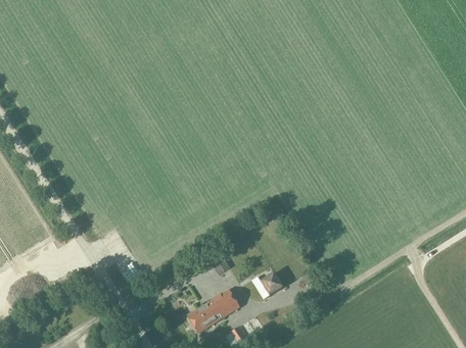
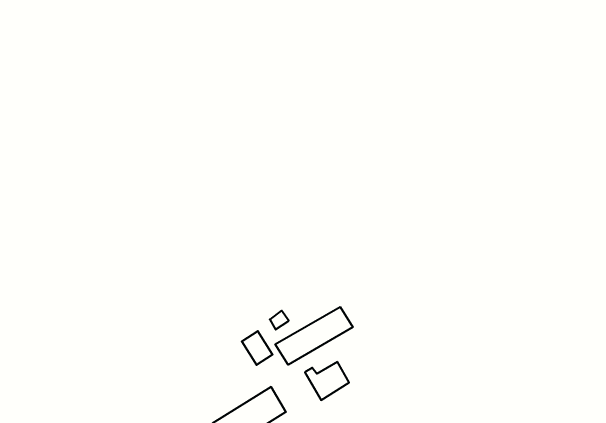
building: none -> [275,307,353,365]

